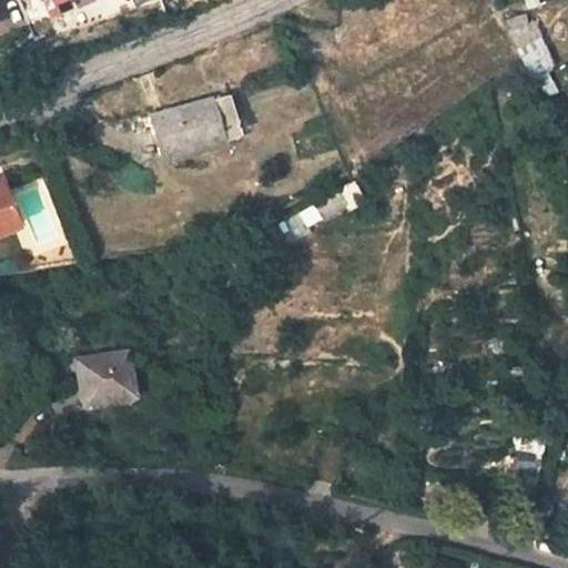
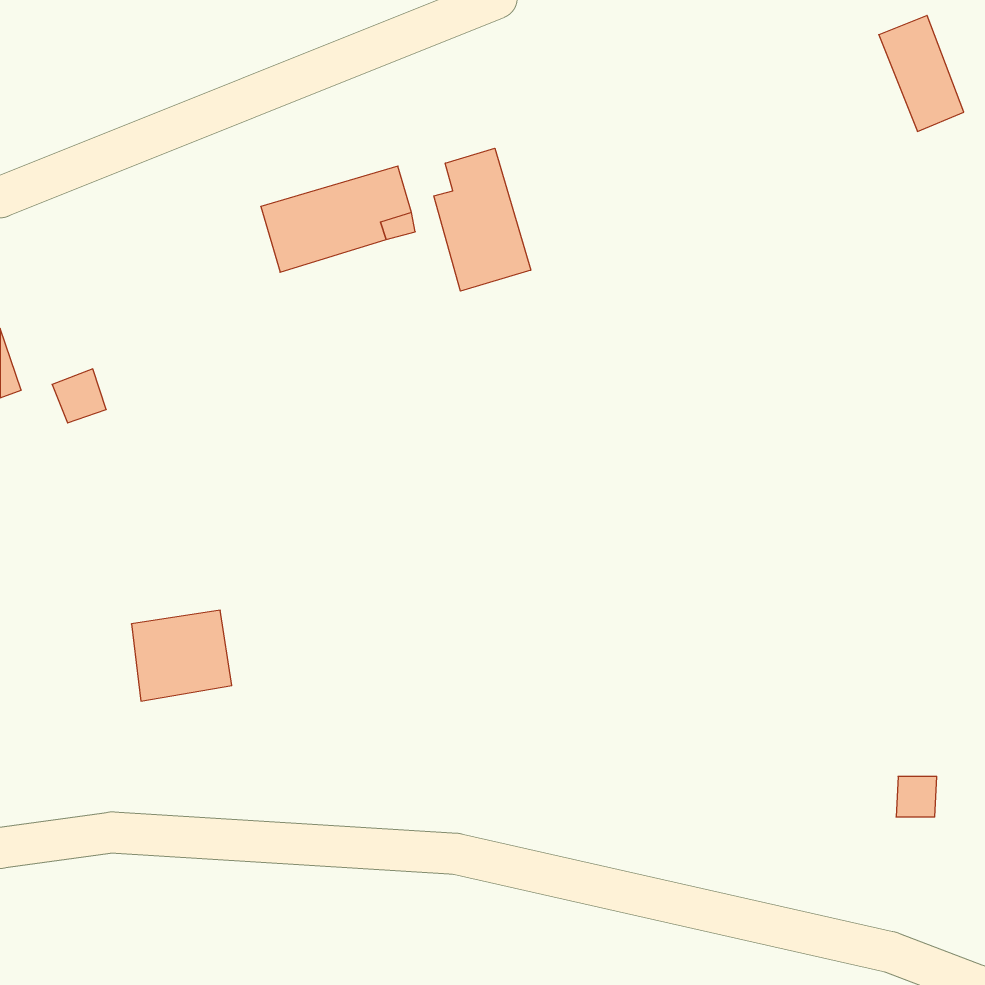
building: none -> [434,148,531,291]

